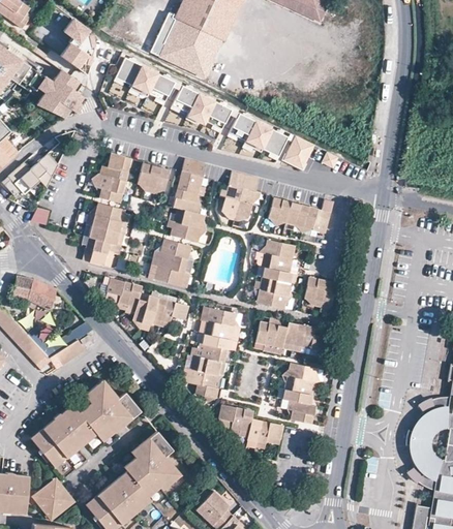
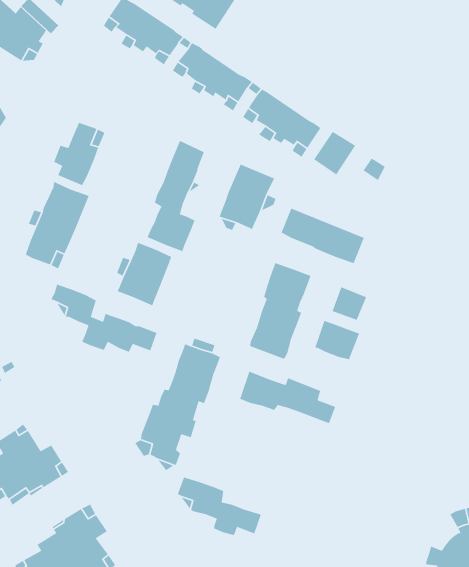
building: [139,164,171,191] -> none
building: none -> [331,286,367,321]
building: [283,364,318,423] -> none

